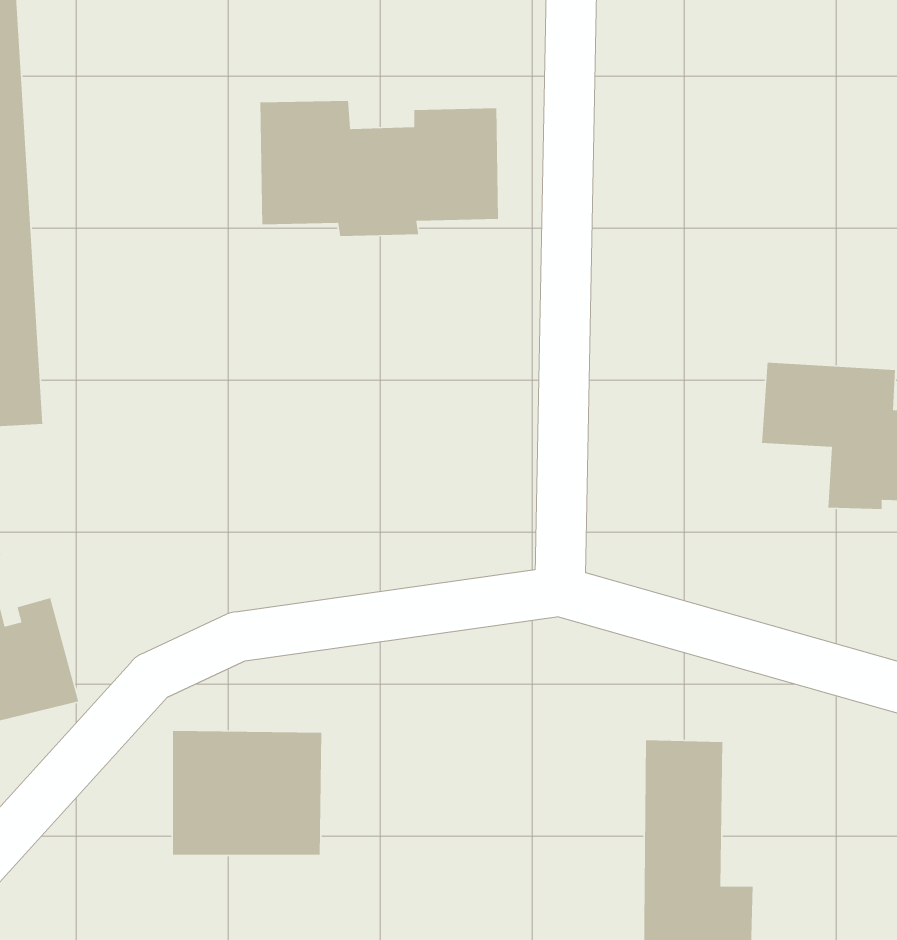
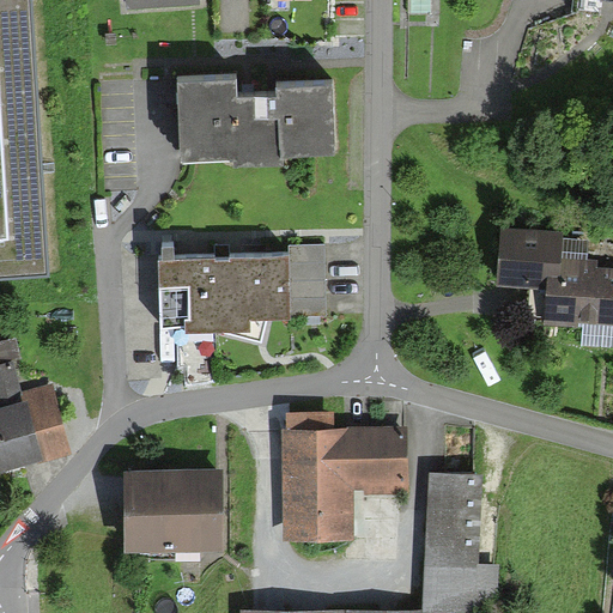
building: none -> [160,247,327,340]
building: none -> [281,414,400,540]

